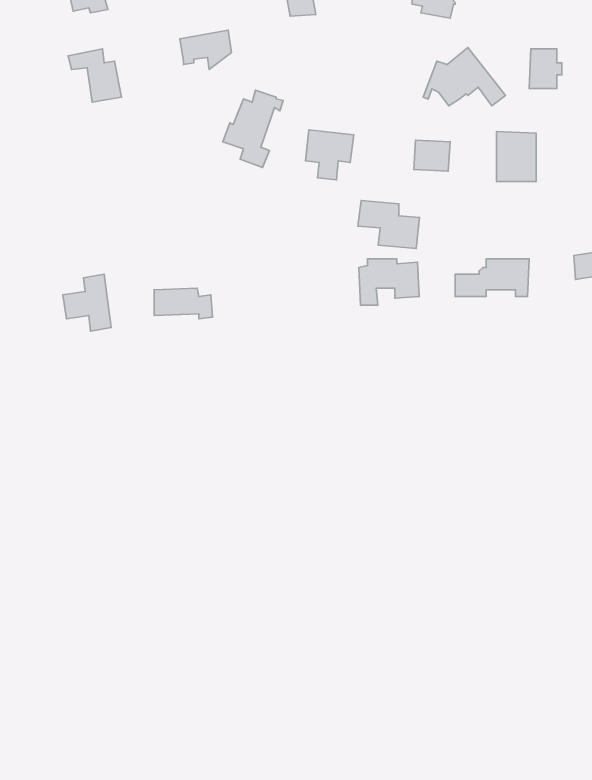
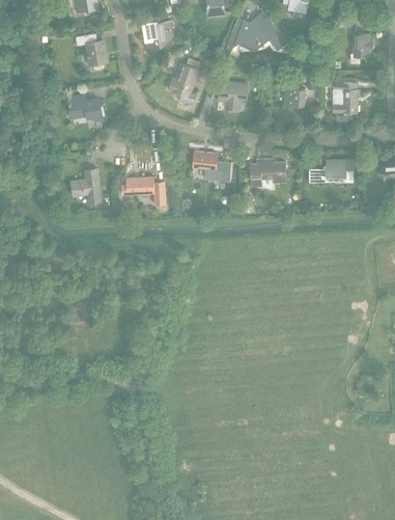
building: [423,47,506,106] -> [235,13,285,49]
building: none -> [67,95,102,118]
building: [358,200,420,249] -> [191,152,228,181]

